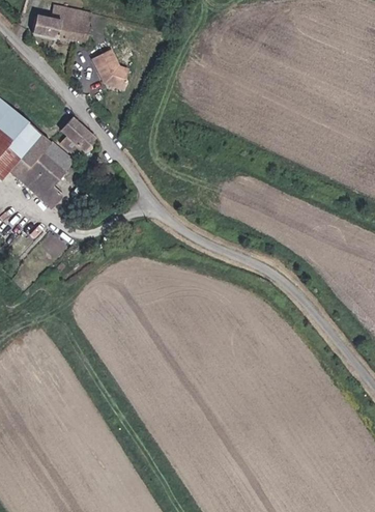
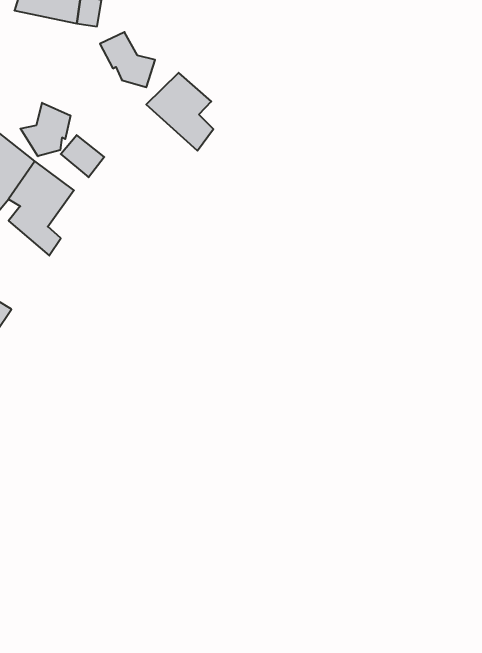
building: none -> [146,73,213,151]
building: none -> [20,103,70,156]

